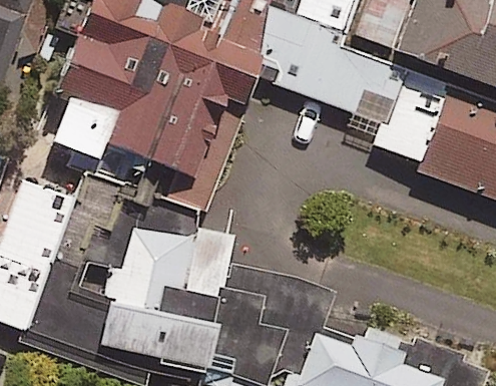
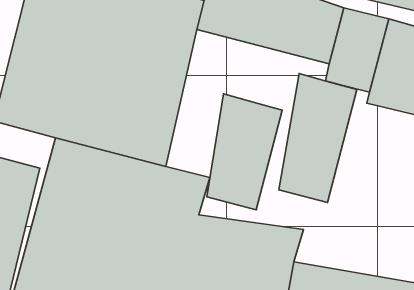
building: none -> [279,74,357,203]
building: none -> [207,94,282,210]

